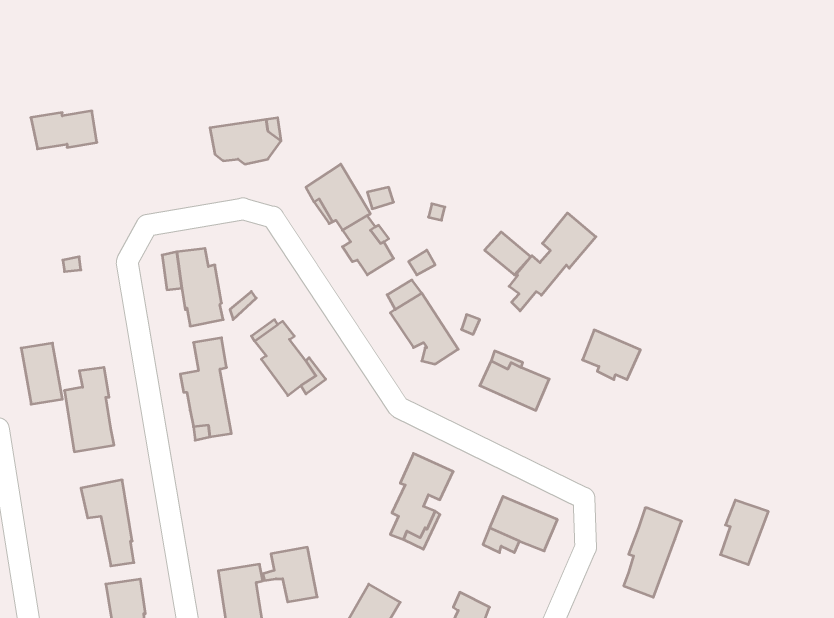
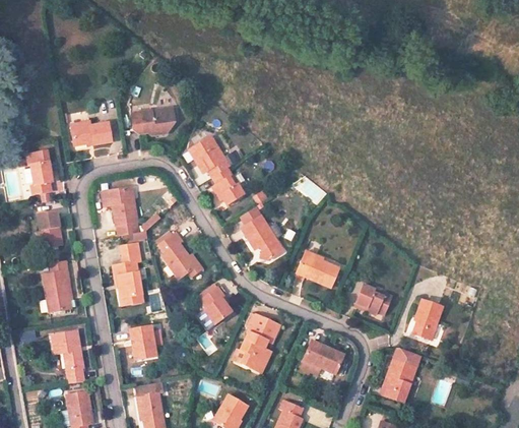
building: [31,111,97,149] -> [70,121,111,144]
building: none -> [29,161,52,193]
building: [509,213,596,311] -> none
building: [582,330,640,380] -> [355,284,391,314]
building: [21,343,62,404] -> [37,209,62,247]
building: none -> [200,286,231,323]
building: [720,500,768,565] -> [412,299,442,339]
building: [263,547,317,602] -> [123,324,156,358]

